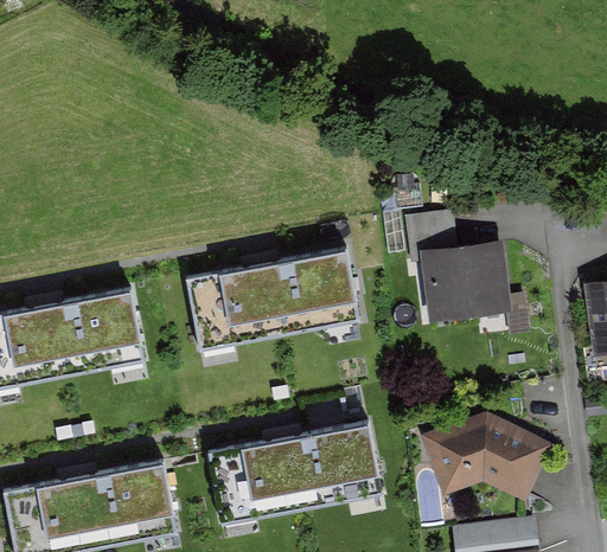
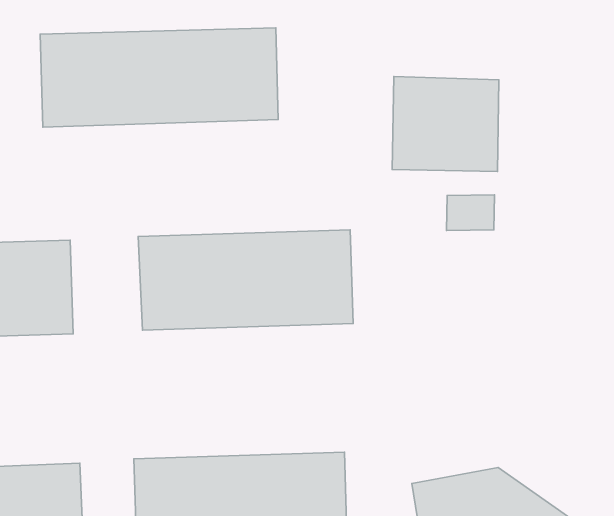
building: none -> [40,28,278,127]
building: [420,239,511,321] -> [392,77,499,172]

